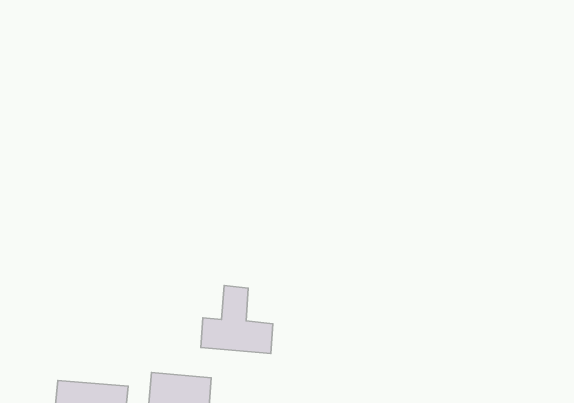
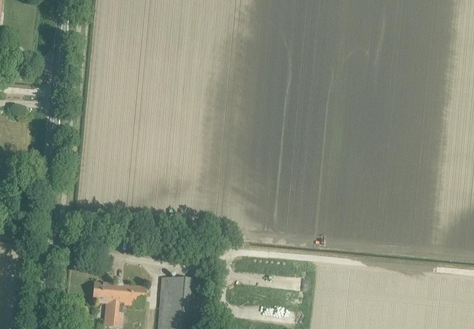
building: [201,286,273,353] -> none

